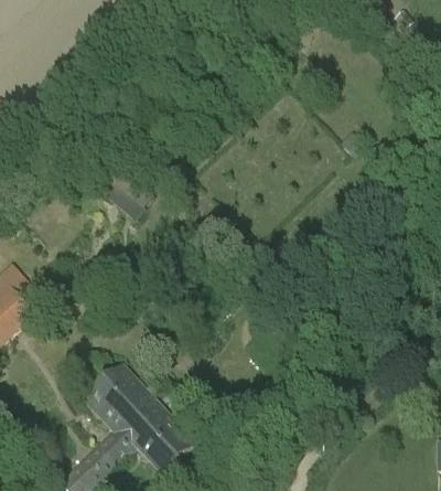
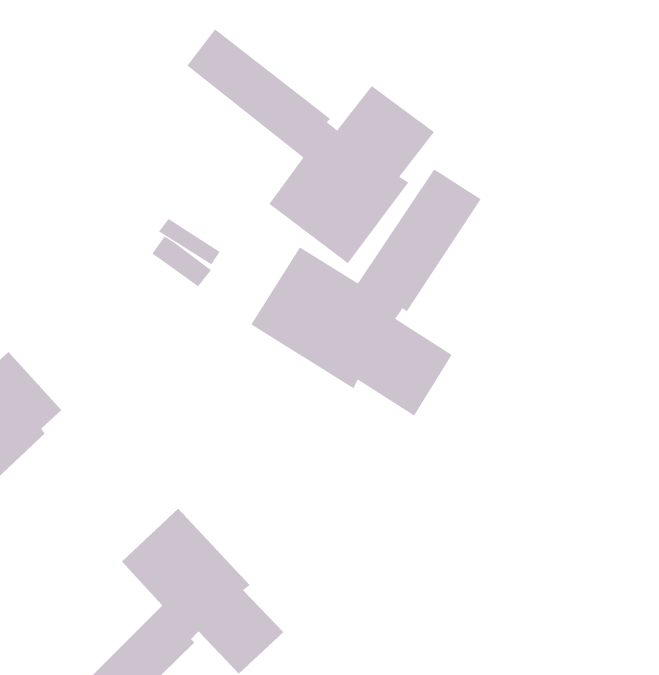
building: none -> [186,29,435,264]
building: none -> [251,169,481,417]

